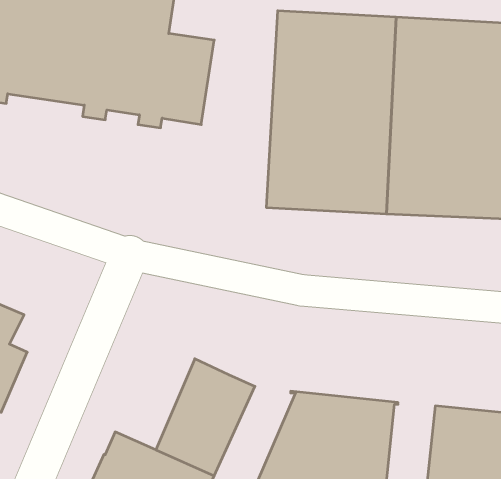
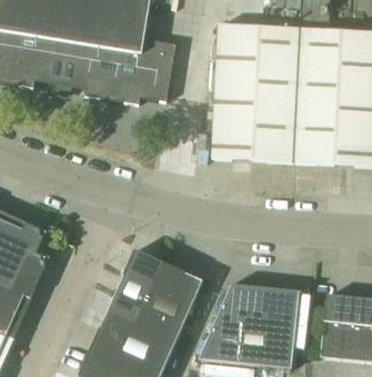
building: none -> [108,249,162,324]

